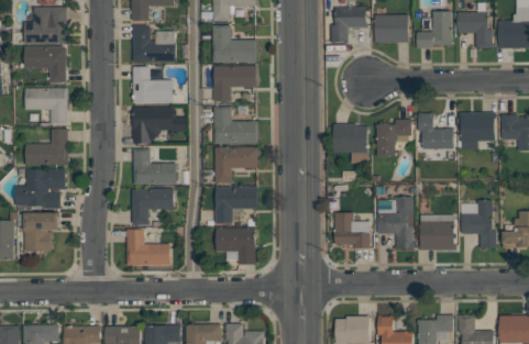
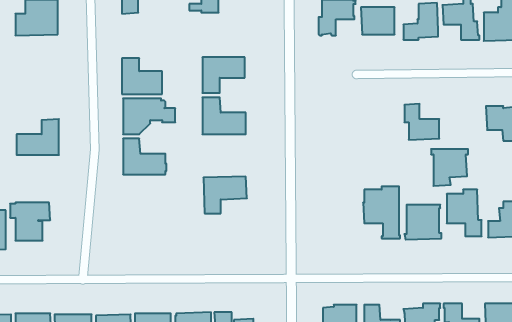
building: [132,25,176,63] -> none
building: [212,25,256,63] -> none
building: [24,47,66,84] -> none
building: [24,88,67,125] -> none
building: [459,113,496,151] -> [431,149,468,186]
building: [375,120,412,156] -> none
building: [333,124,367,164] -> none
building: [214,147,257,184] -> none
building: [15,169,65,212] -> none
building: [131,188,174,225] -> none
building: [334,213,370,248] -> none
building: [216,229,256,265] -> none
building: [126,230,170,266] -> none

